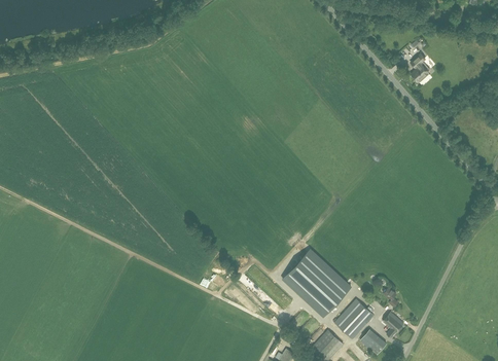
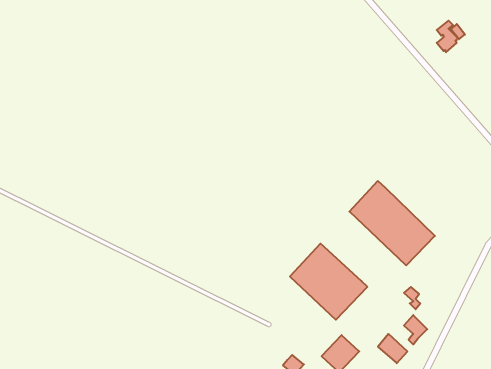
building: none -> [349,181,435,265]
building: [334,298,374,338] -> none

